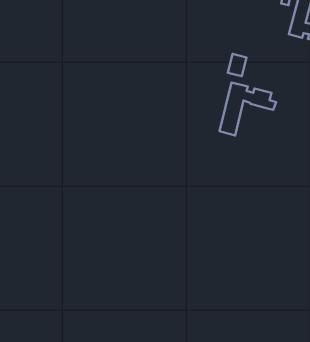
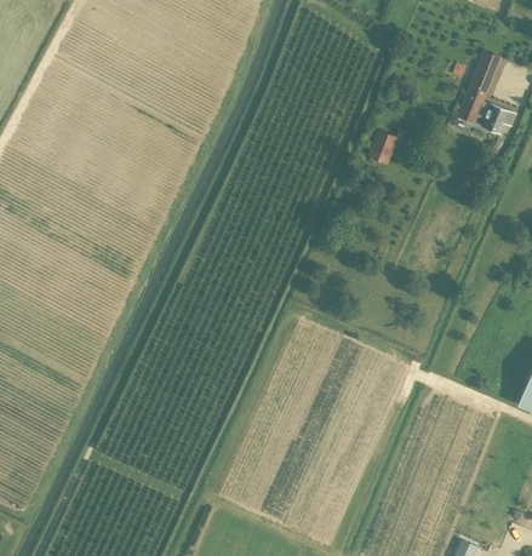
building: [219,82,276,136] -> none

